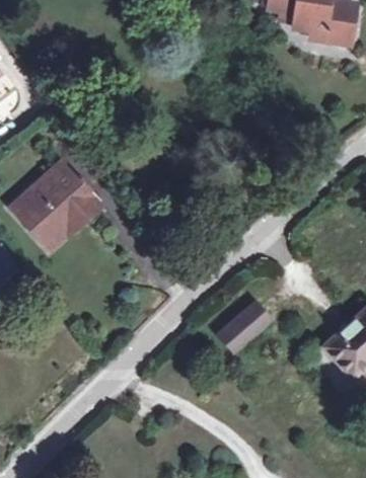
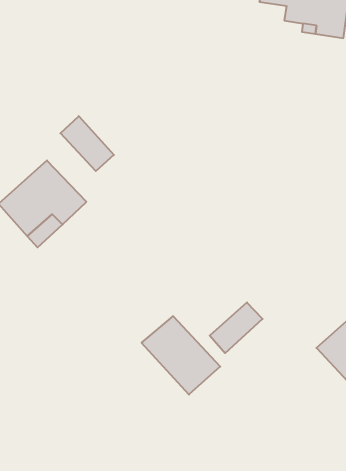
building: none -> [60,116,114,171]
building: none -> [142,316,220,395]

